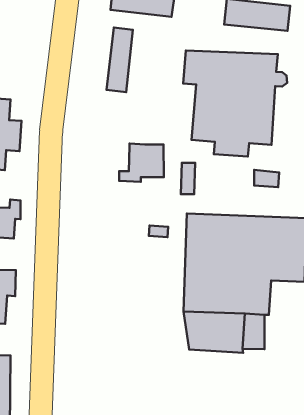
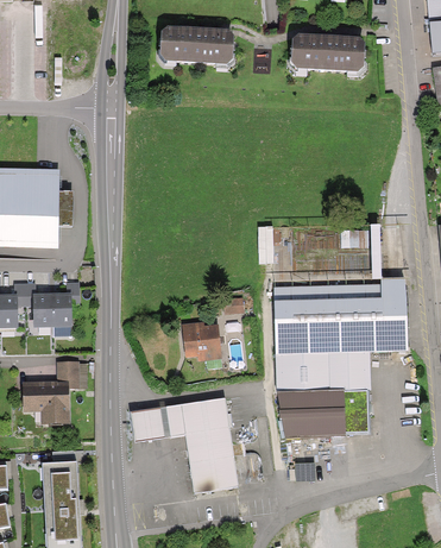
building: [106,28,133,92] -> none
building: [183,51,287,157] -> none
building: [119,143,164,182] -> none
building: none -> [178,321,220,363]
building: none -> [126,397,235,491]

